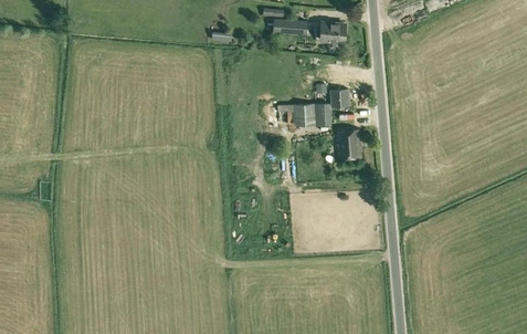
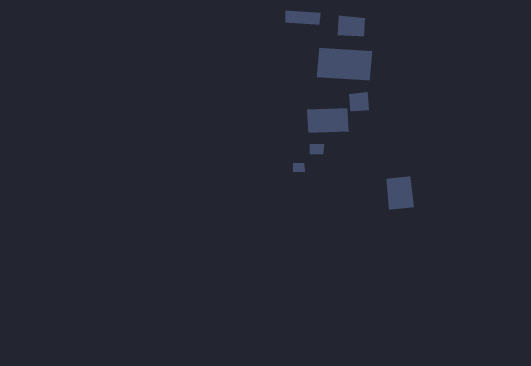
building: none -> [316,47,373,81]
building: [337,131,362,160] -> [386,176,415,210]

